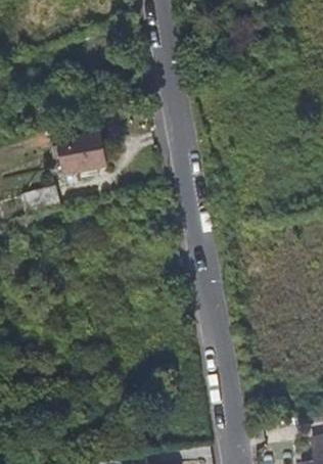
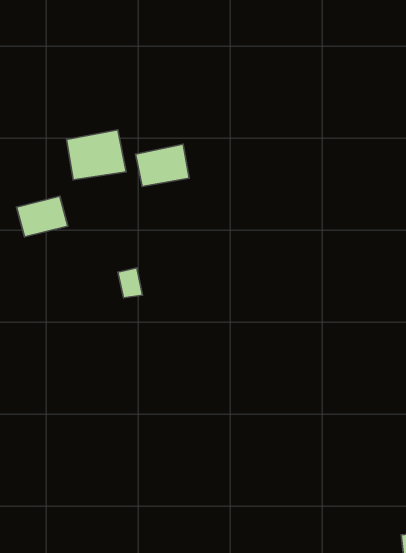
building: none -> [136,144,189,187]

